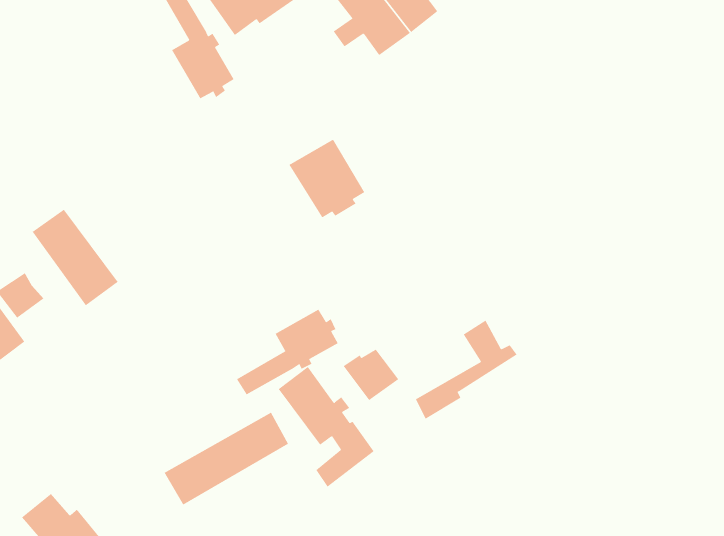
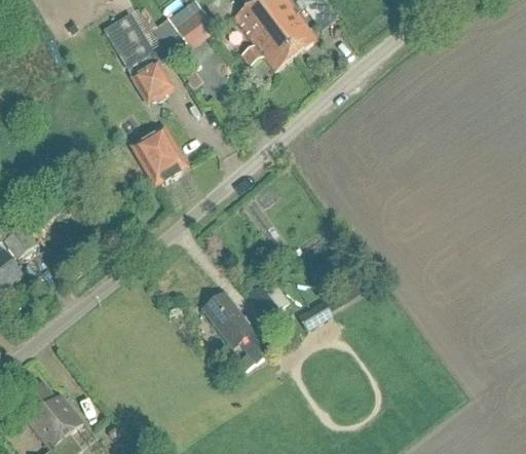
building: [289,139,365,218] -> [130,126,185,183]
building: [32,209,118,306] -> none
building: [236,309,338,395] -> none
building: [164,412,289,505] -> none

